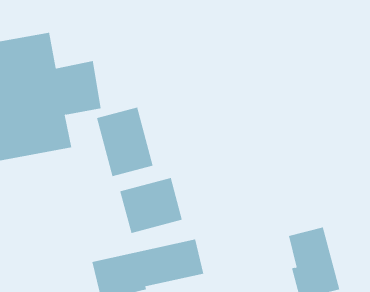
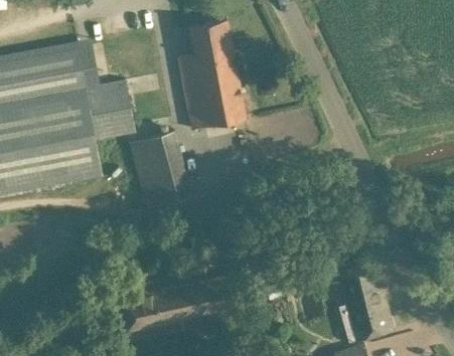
building: none -> [176,21,246,130]
building: [120,177,183,234] -> none

